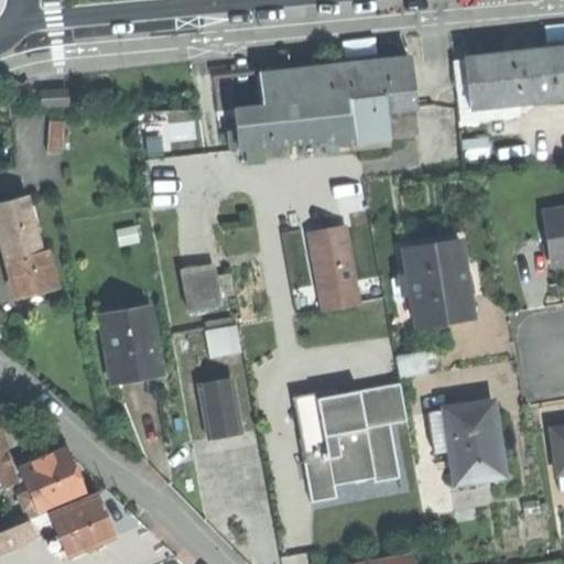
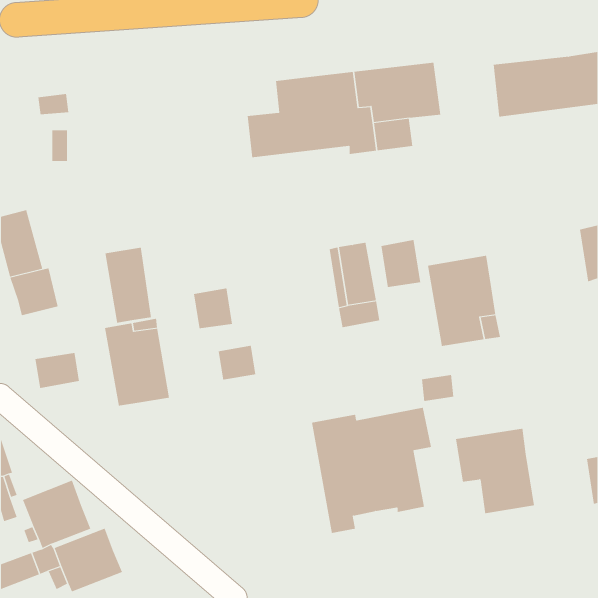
building: none -> [381,239,421,288]
building: none -> [105,247,151,323]
building: none -> [35,352,79,389]
building: [197,379,239,438] -> none

